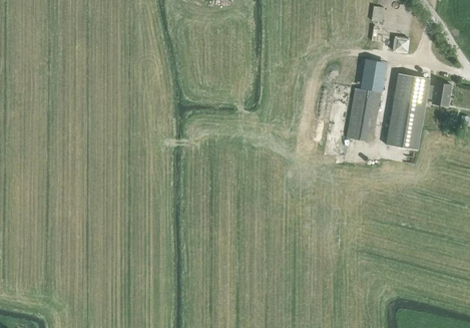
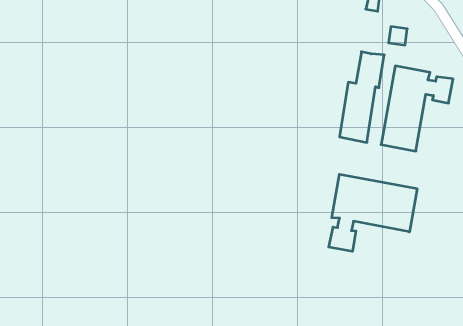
building: none -> [329,174,417,251]

